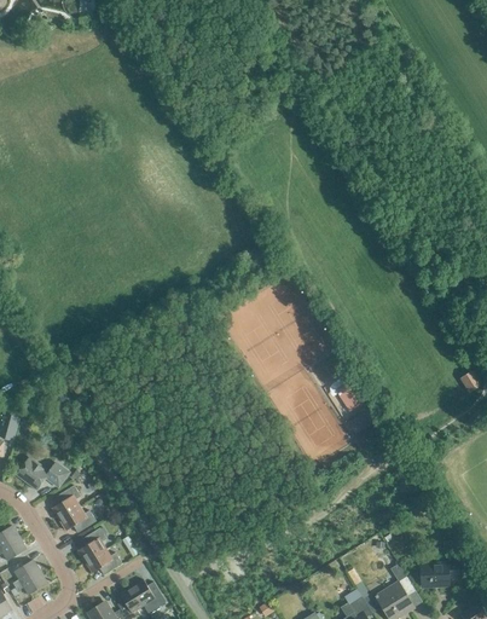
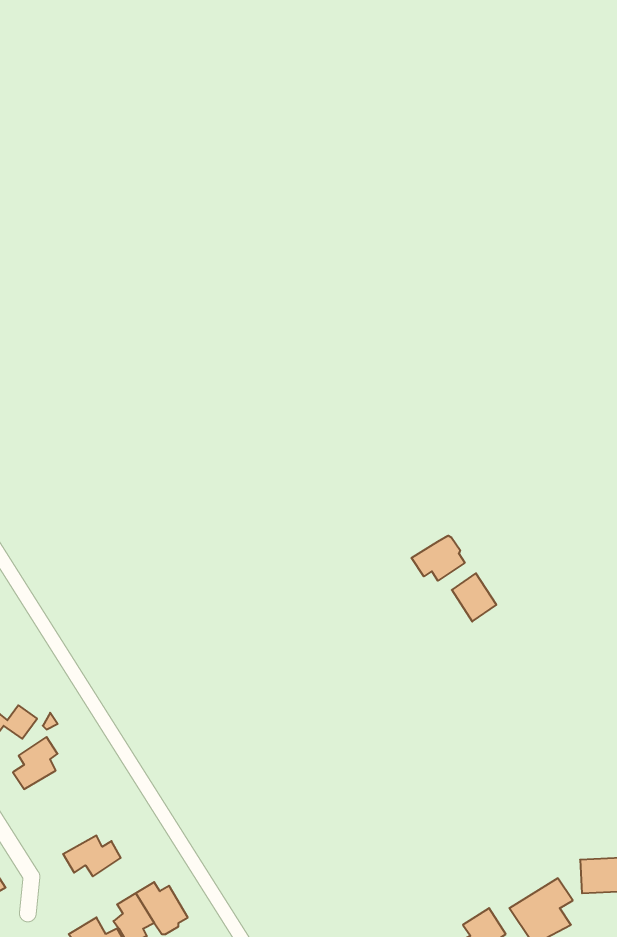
building: none -> [412,536,465,581]
building: [59,507,97,533] -> none
building: [79,527,106,561] -> none

